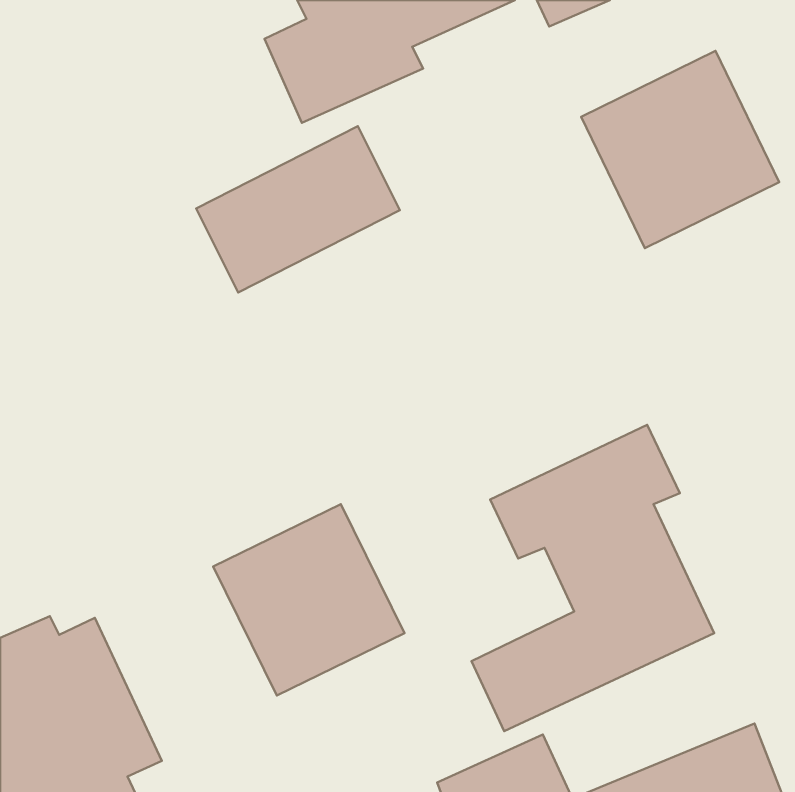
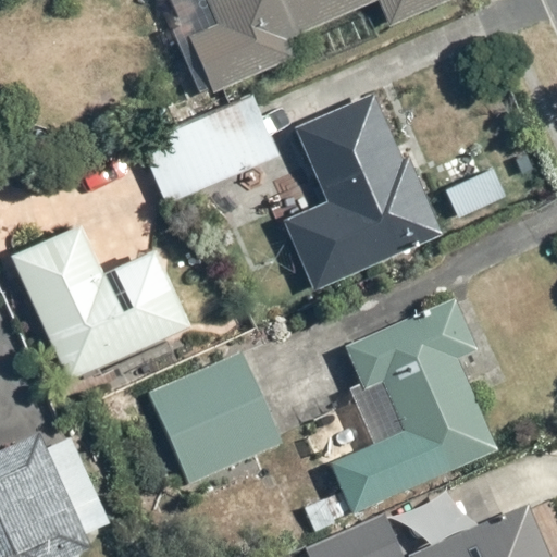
building: [581,51,779,248] -> none
building: none -> [280,88,441,293]
building: none -> [9,218,191,380]

